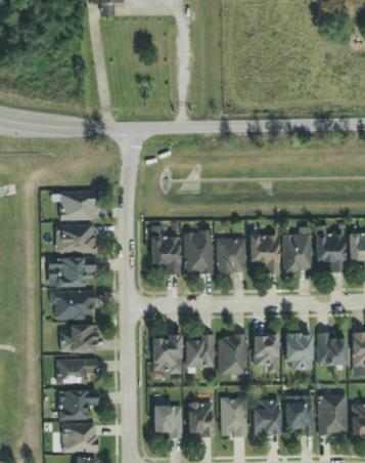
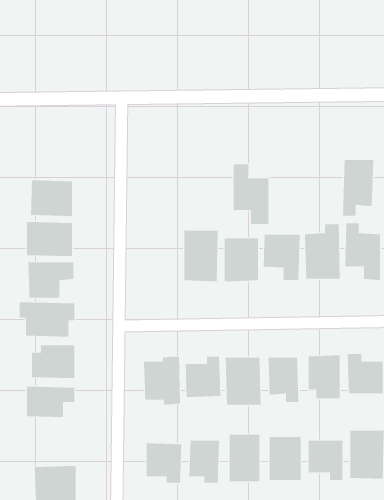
building: none -> [342,159,374,217]
building: [150,225,180,275] -> [233,164,269,224]
building: [59,389,97,420] -> none

